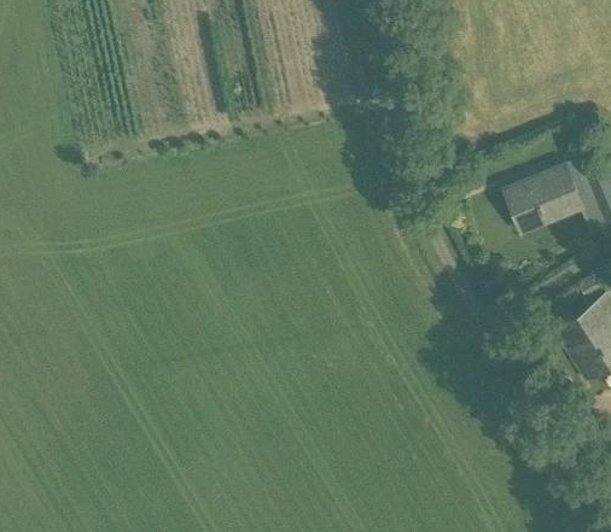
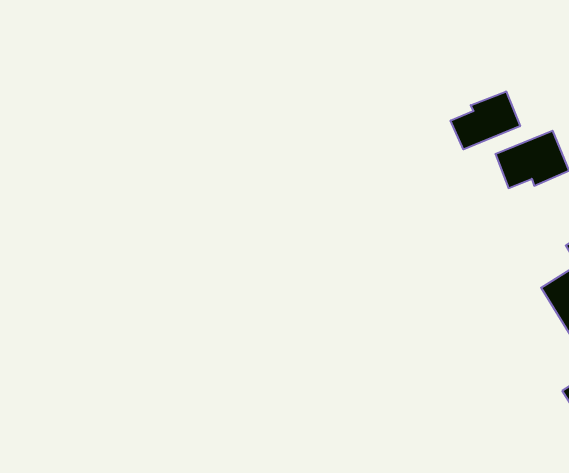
building: none -> [451,91,520,149]

